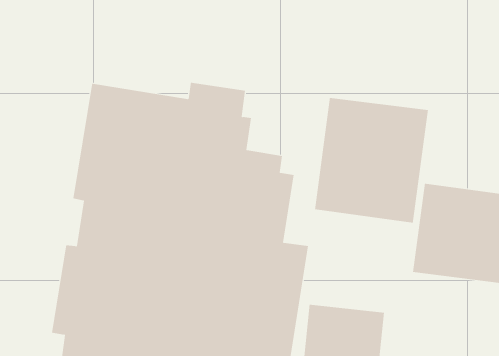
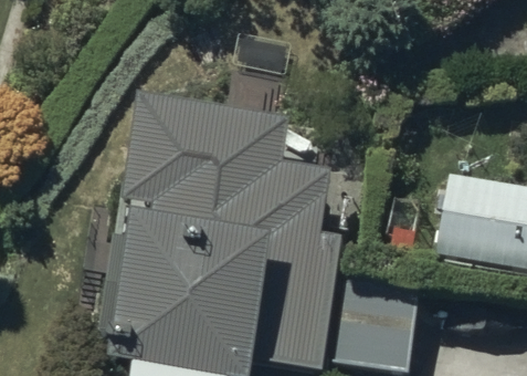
building: [315,97,428,224] -> none

